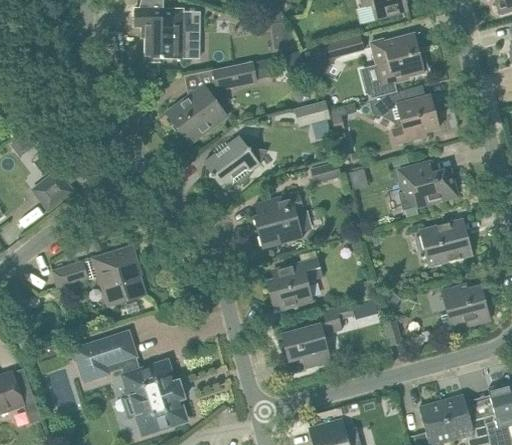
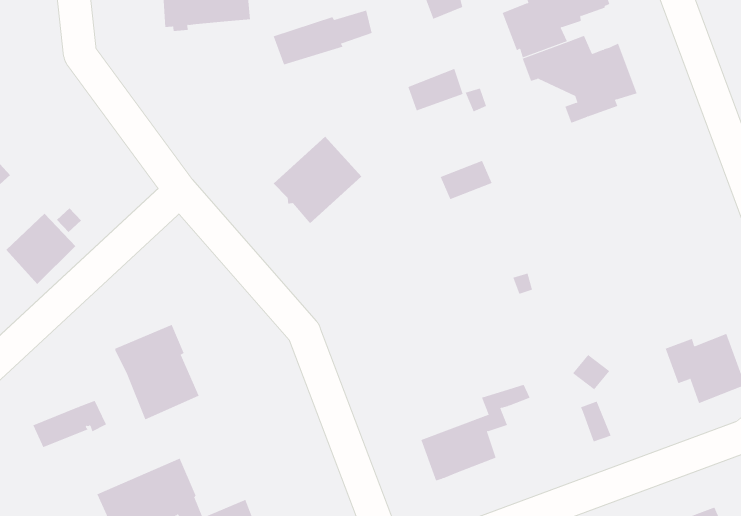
building: [166,85,226,143] -> none
building: [398,163,457,210] -> none
building: [253,192,303,248] -> none
building: [418,218,472,266] -> none
building: [266,257,322,311] -> none
building: [52,259,99,286] -> [33,400,107,448]

